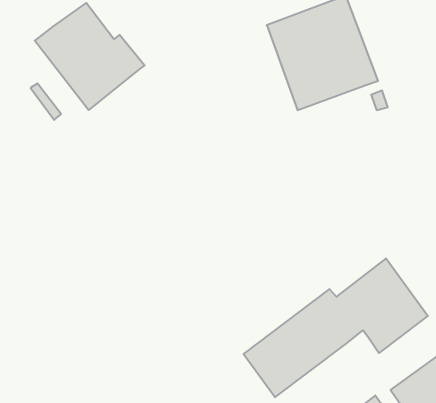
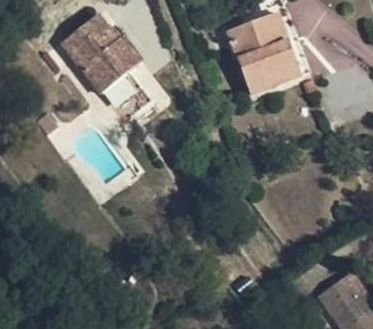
building: [244,258,428,397] -> none

